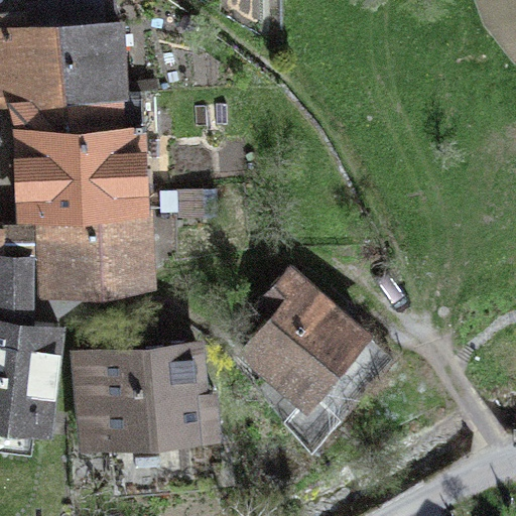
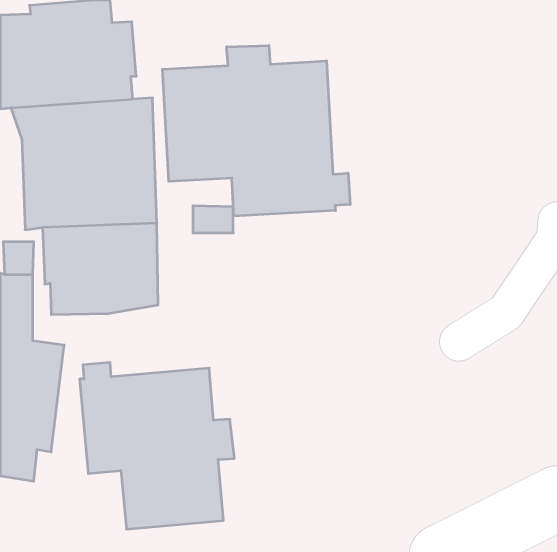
building: none -> [162,45,350,216]
building: [242,269,390,452] -> none

